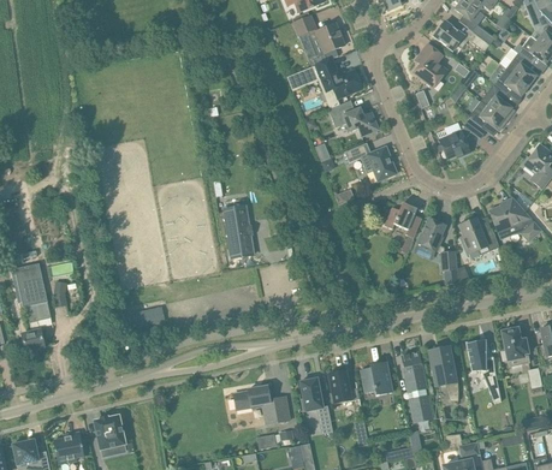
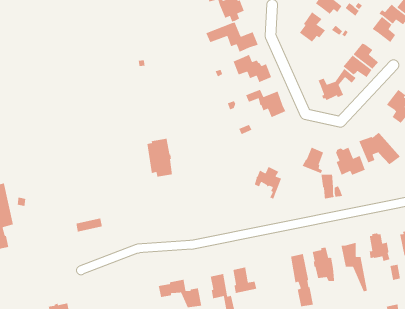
building: [488,65,529,96] -> none
building: [385,202,421,245] -> [254,166,282,200]
building: [361,362,392,395] -> none

